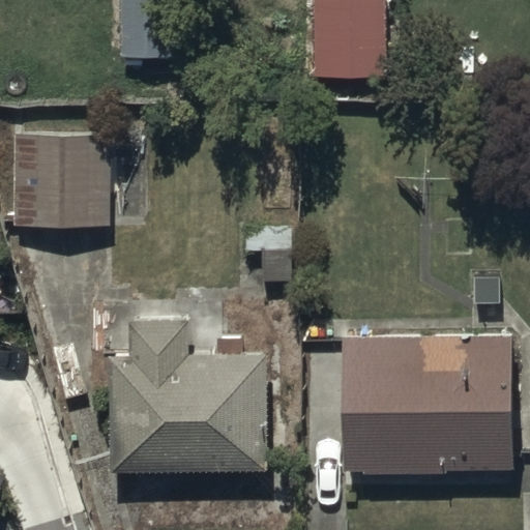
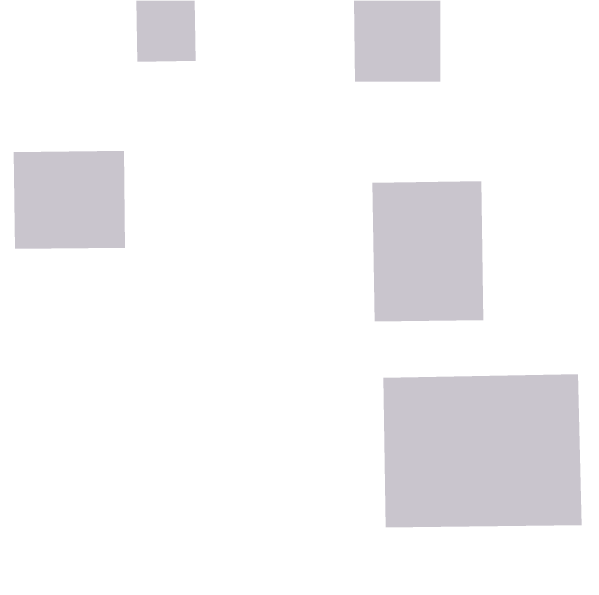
building: none -> [372,181,484,322]
building: [111,319,259,470] -> none

